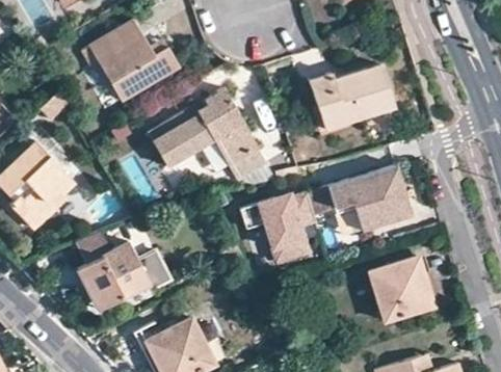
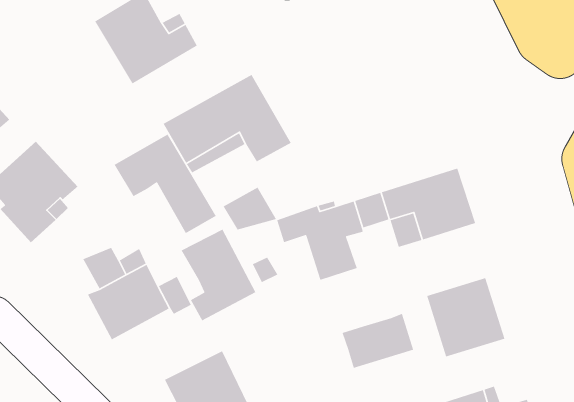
building: [311,68,395,134] -> none
building: none -> [114,134,217,234]
building: [226,144,272,182] -> [222,187,277,230]
building: none -> [181,229,256,321]
building: none -> [341,313,414,369]

